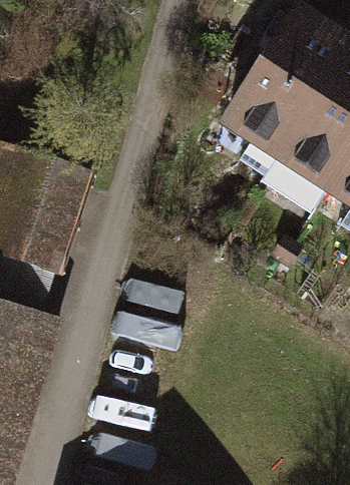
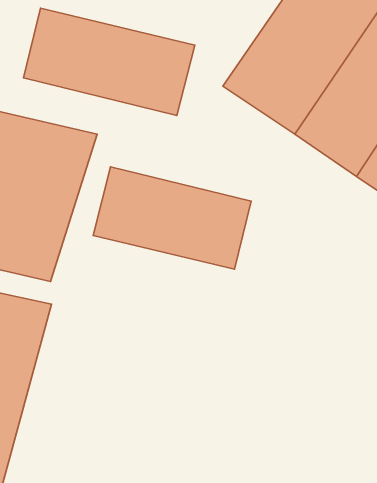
building: none -> [23,8,195,115]
building: none -> [93,167,251,269]

